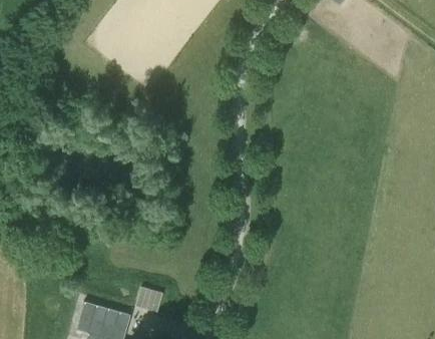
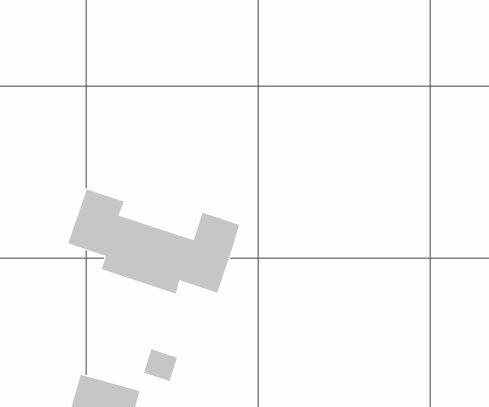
building: none -> [68,189,240,295]

